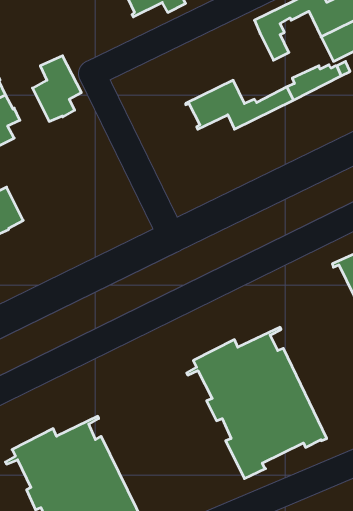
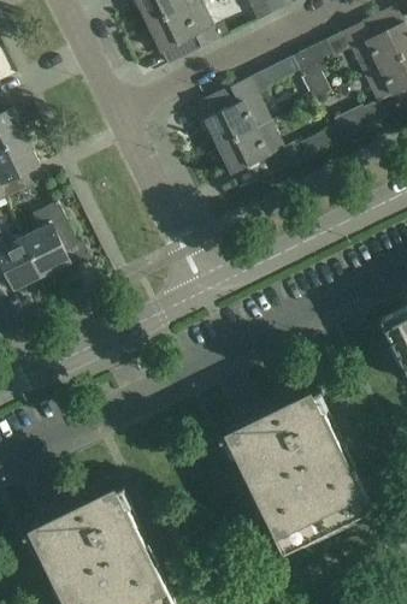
building: none -> [204,58,297,148]
building: [32,56,81,121] -> [23,203,76,274]

